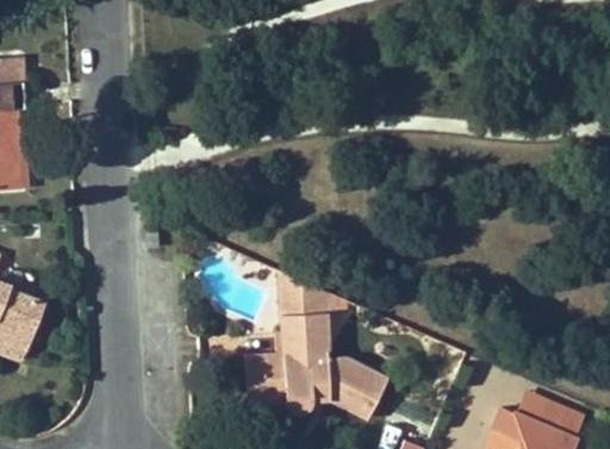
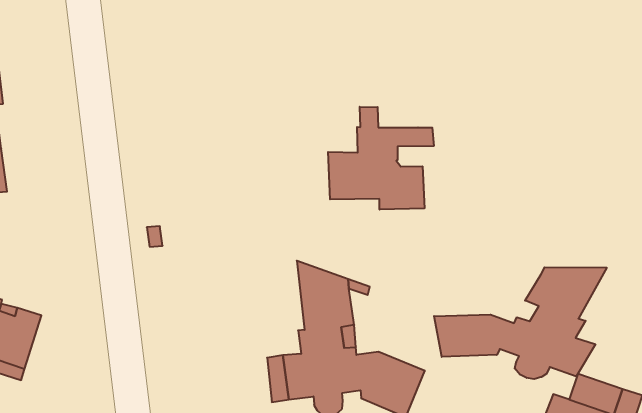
building: none -> [328,107,434,210]
building: none -> [434,267,607,379]

